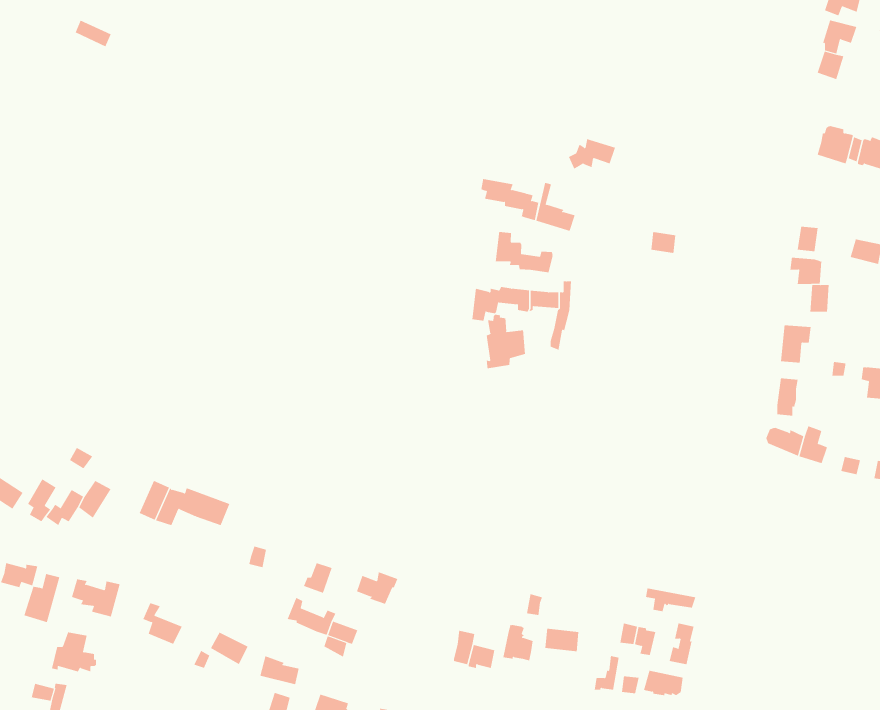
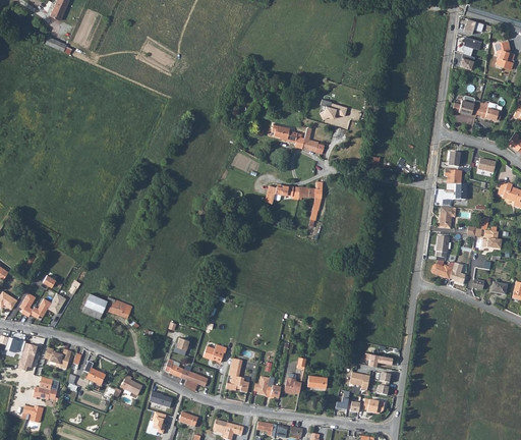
building: [495,231,553,273] -> none
building: [486,314,525,369] -> none
building: none -> [225,359,248,393]

